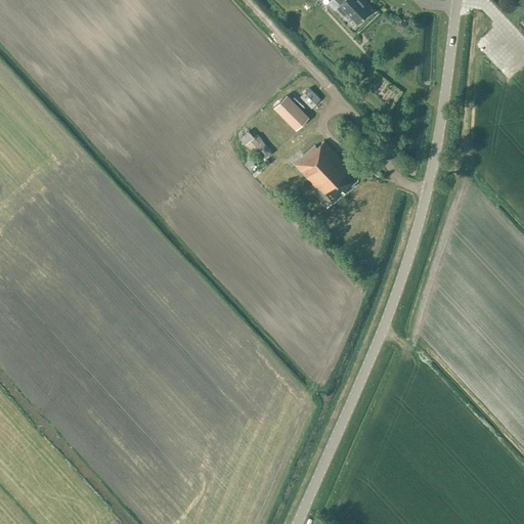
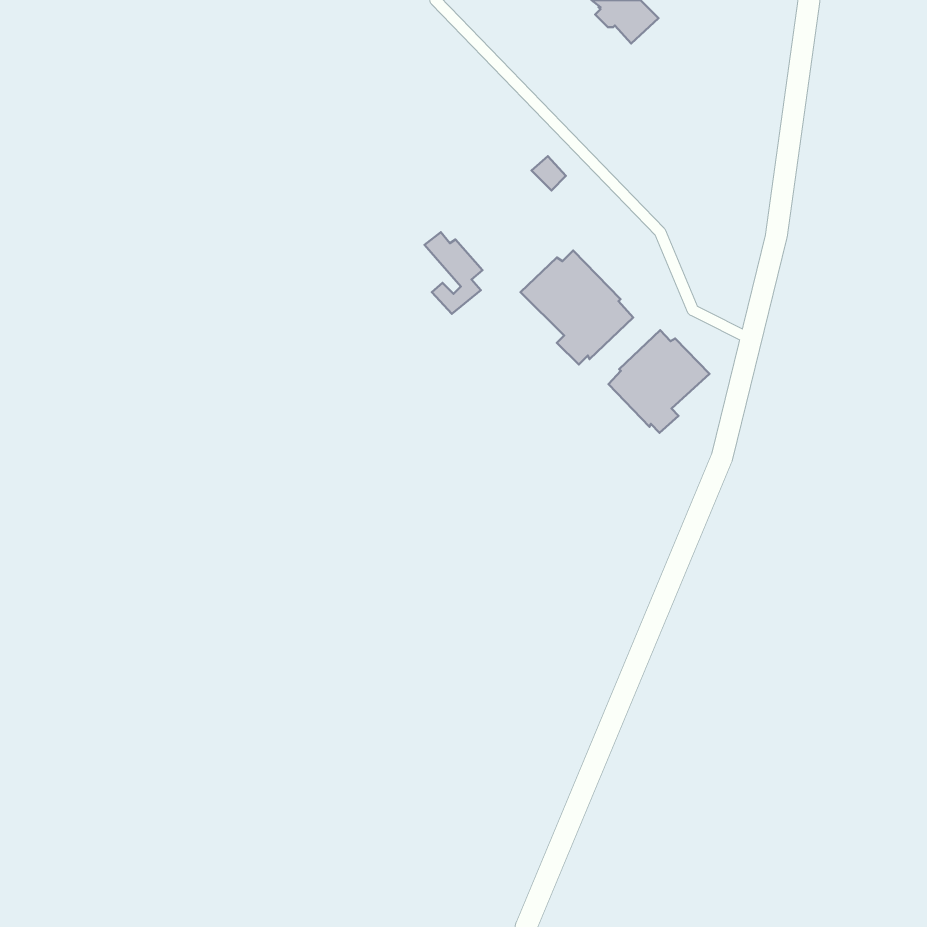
building: [273,95,308,130] -> none
building: none -> [608,330,709,433]

